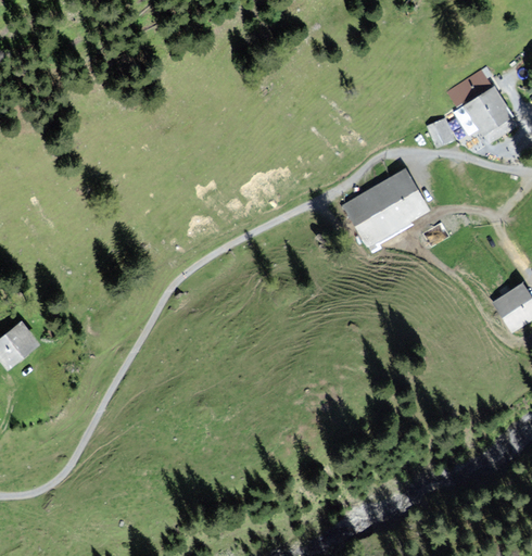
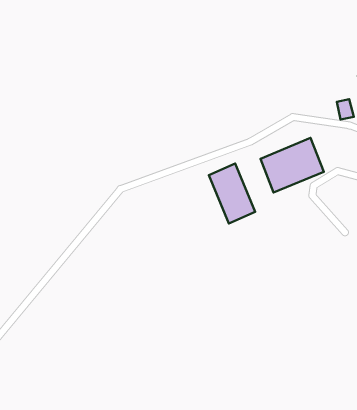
building: none -> [209,164,255,223]

